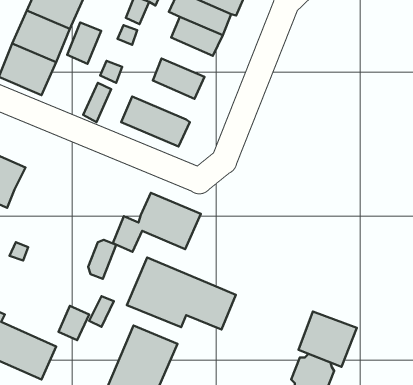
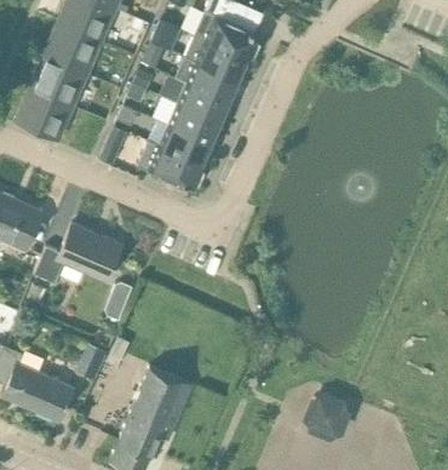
building: [67,22,101,64] -> none
building: none -> [177,82,228,121]
building: none -> [159,125,209,164]
building: [113,193,201,252] -> [34,224,121,282]
building: [127,258,236,330] -> none
building: [299,311,357,367] -> none

